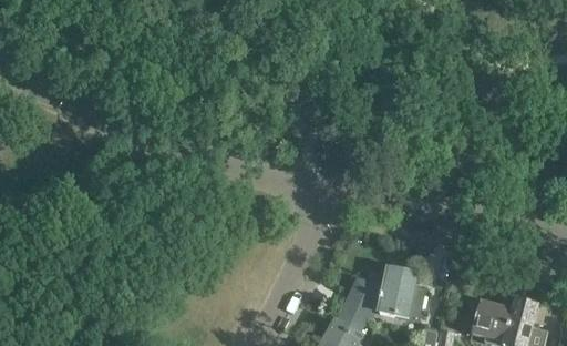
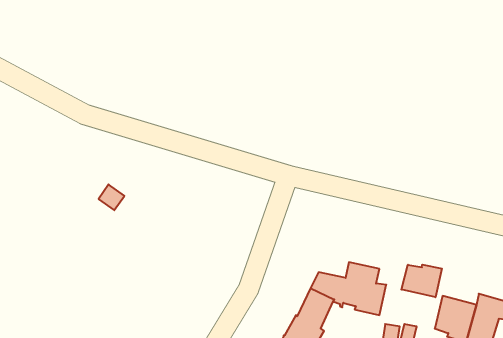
building: none -> [401,265,442,297]

